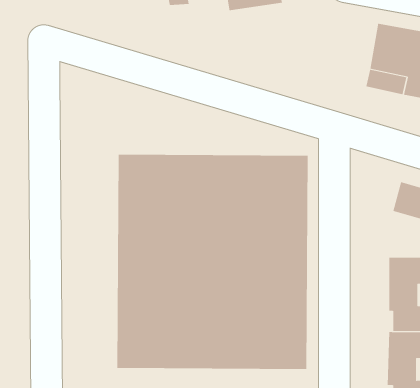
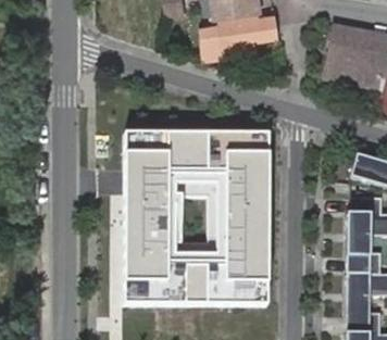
building: none -> [197,13,278,60]

